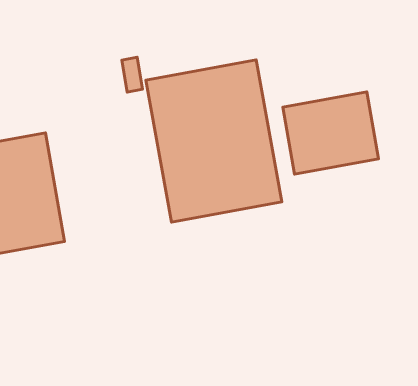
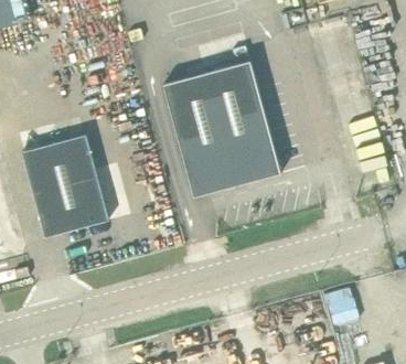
building: [283,92,379,174] -> none

